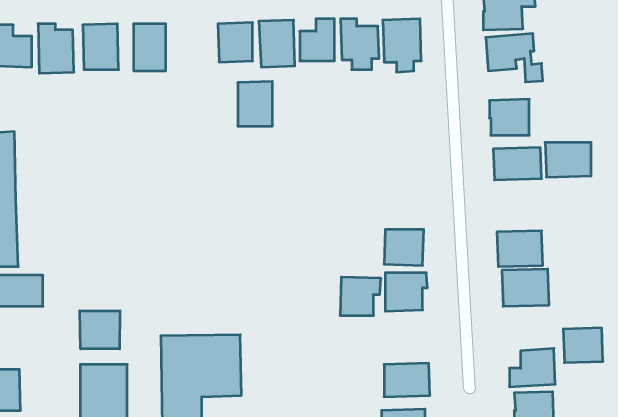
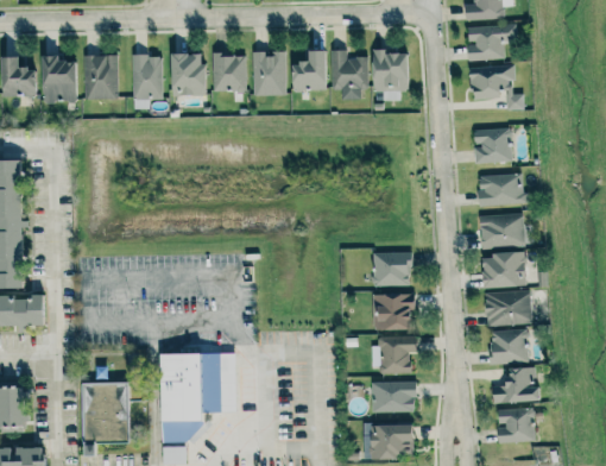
building: [238,81,272,126] -> [171,52,204,95]
building: [545,142,591,177] -> [480,214,524,247]
building: [340,277,381,315] -> [379,335,418,372]
building: [80,311,120,349] -> none
building: [563,328,603,363] -> [491,329,529,363]

